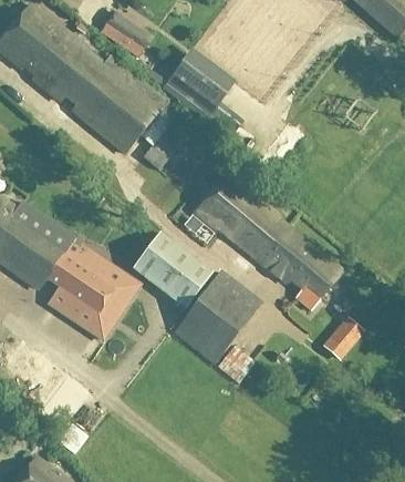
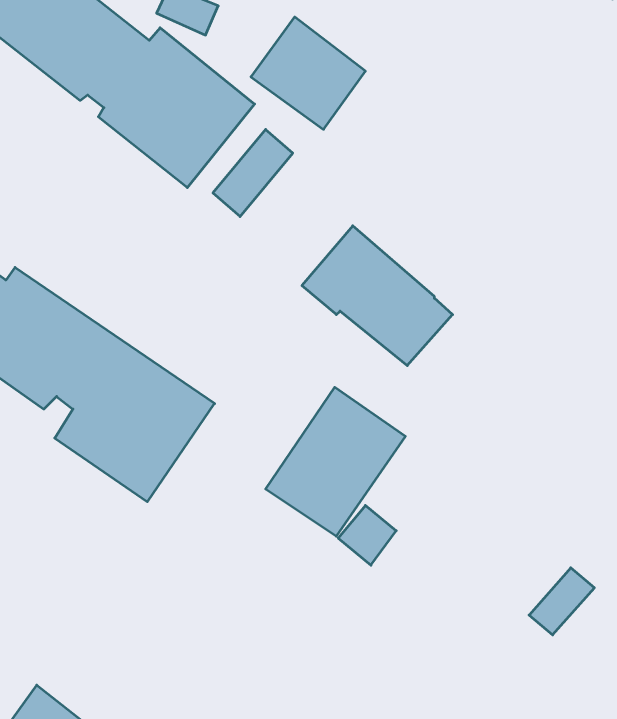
building: [259,229,339,309] -> none
building: [131,233,210,308] -> none
building: [321,315,361,356] -> [529,568,594,635]

